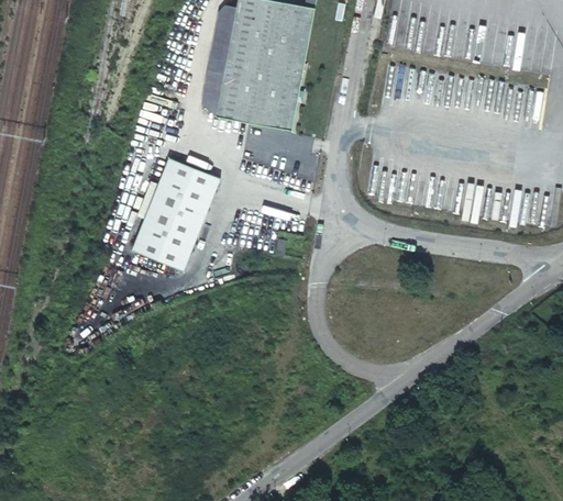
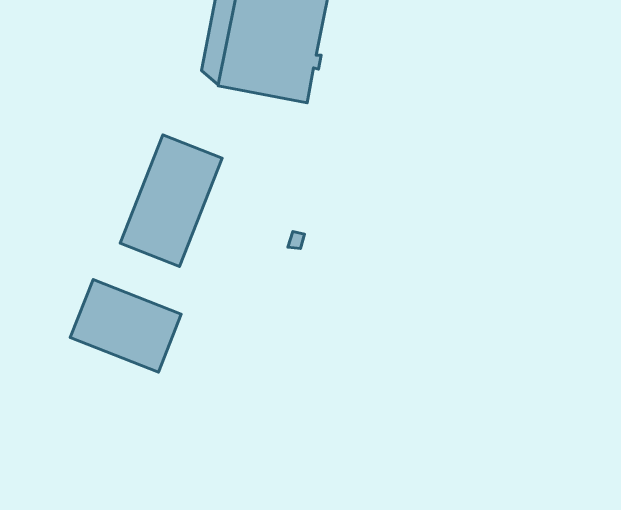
building: none -> [70,279,181,372]

